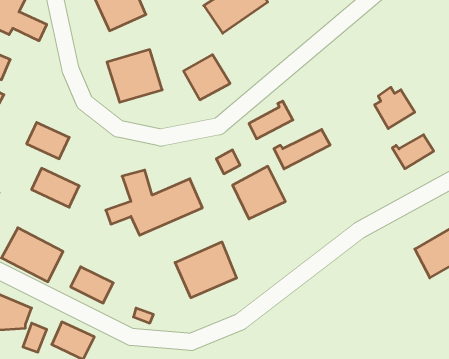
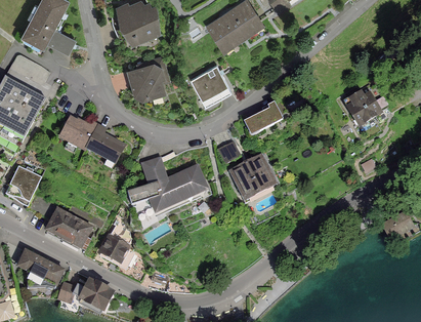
building: [274,129,330,169] -> none
building: [392,135,434,169] -> none
building: [32,168,79,207] -> [94,134,133,166]
building: [175,242,237,298] -> none

